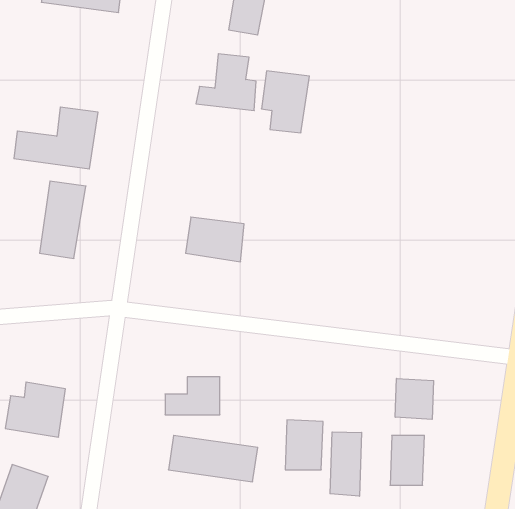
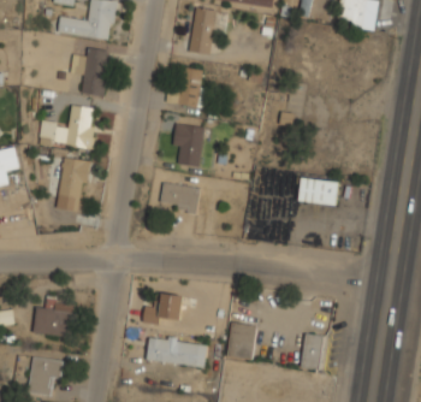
building: none -> [71,47,109,96]
building: [261,71,309,133] -> [172,123,206,166]
building: none -> [298,178,339,205]
building: [395,378,434,419] -> none
building: [330,432,362,496] -> none

